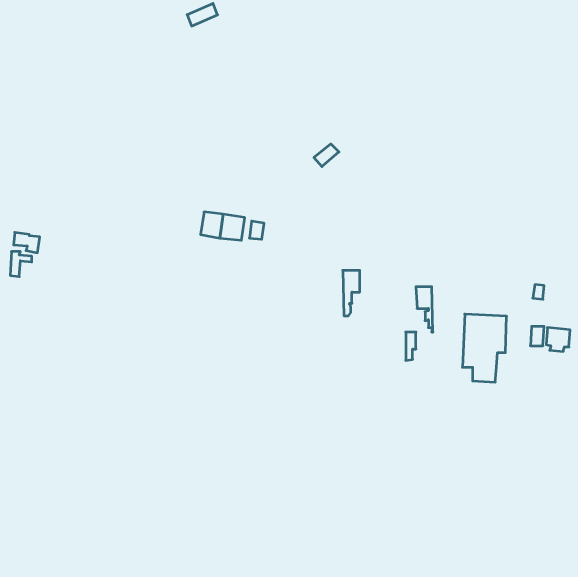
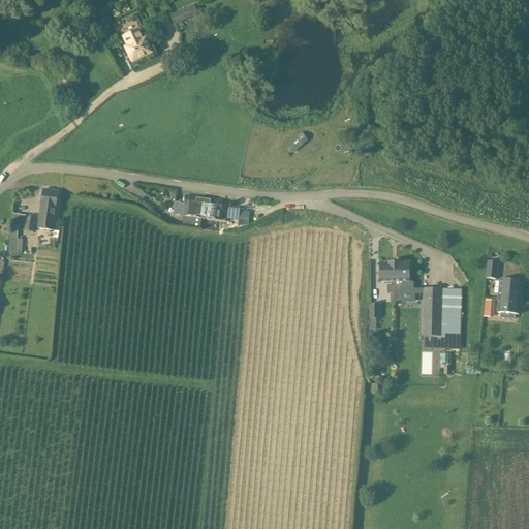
building: none -> [125,29,152,60]
building: none -> [38,187,60,228]
building: [343,270,360,316] -> [395,261,410,303]
building: none -> [499,281,523,301]

